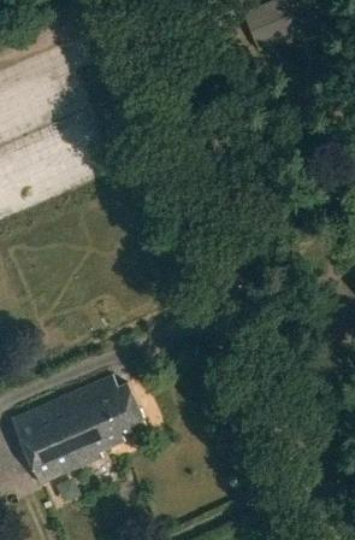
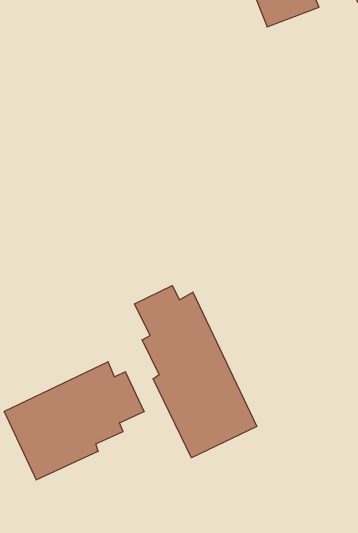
building: none -> [135,286,257,458]

